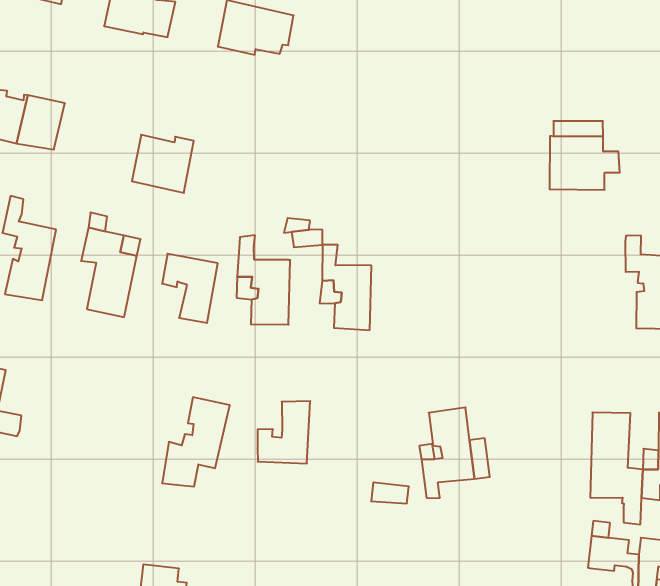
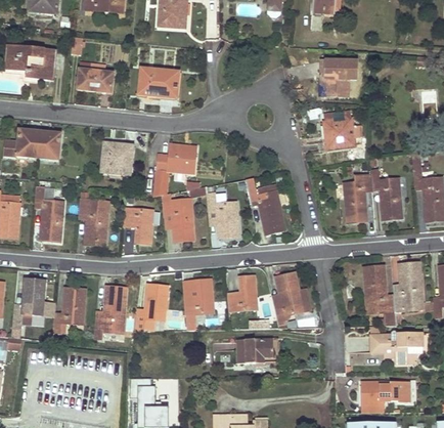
building: none -> [321,59,357,95]
building: none -> [154,143,195,196]
building: none -> [246,177,284,233]
building: none -> [343,173,372,222]
building: none -> [54,288,85,332]
building: none -> [95,286,127,338]
building: none -> [228,275,257,311]
building: none -> [236,338,273,362]

